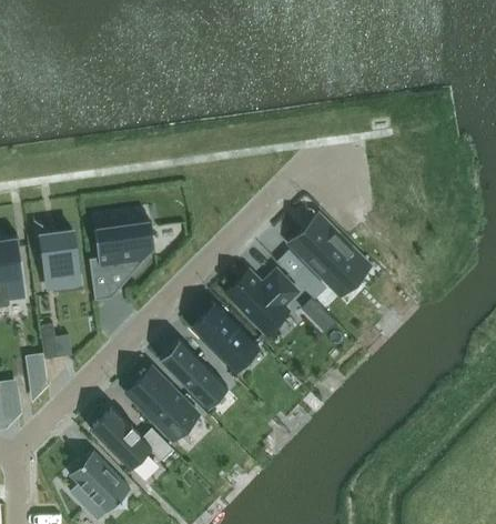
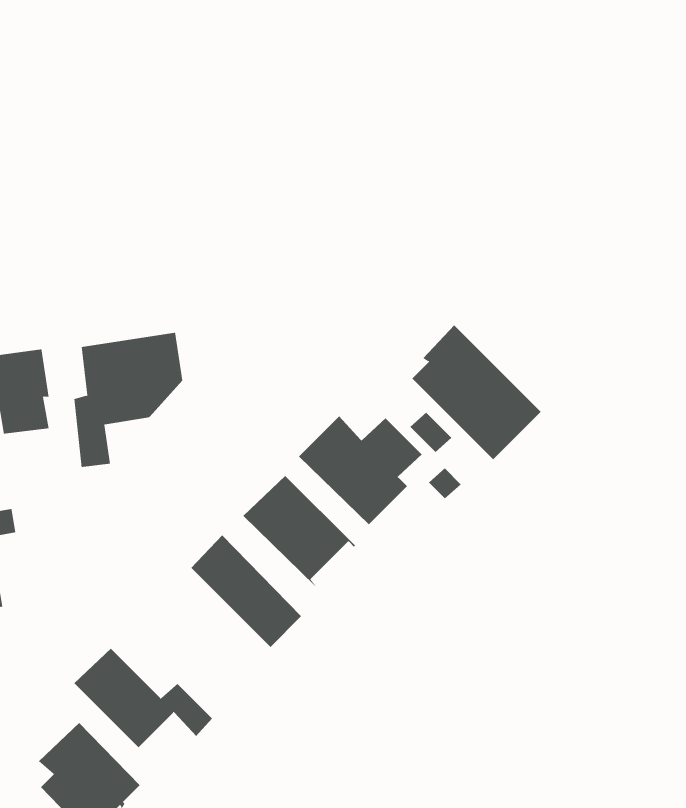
building: [122,370,200,447] -> none

